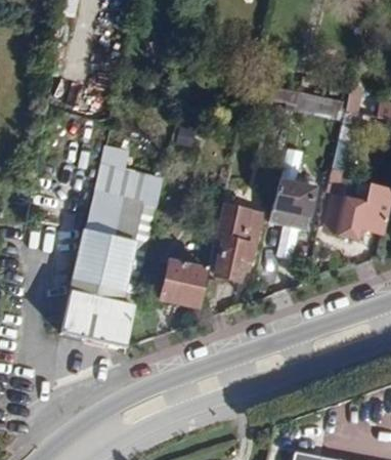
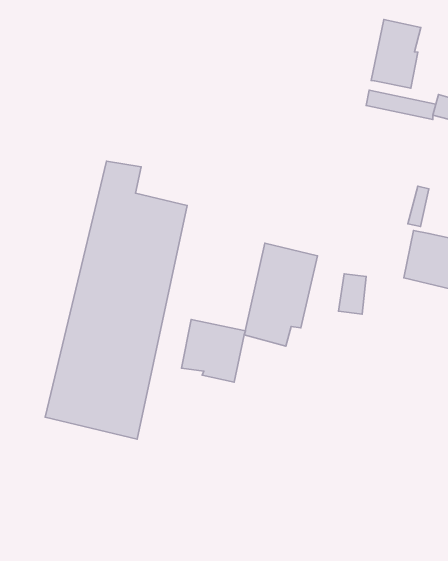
building: none -> [371,20,421,88]
building: [269,178,316,229] -> none

